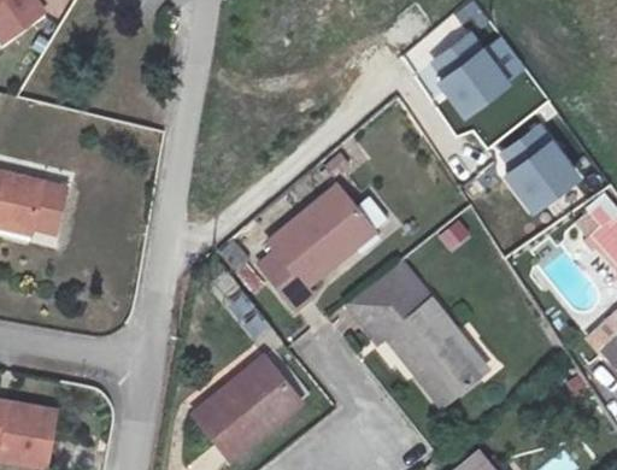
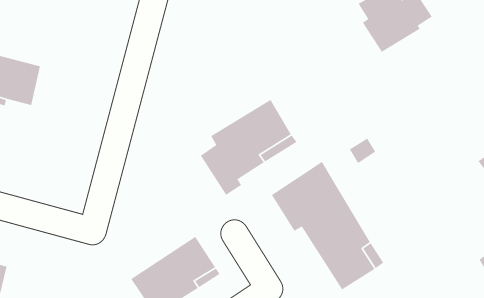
building: [499,129,578,217] -> none

